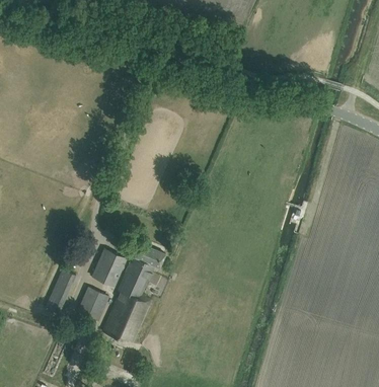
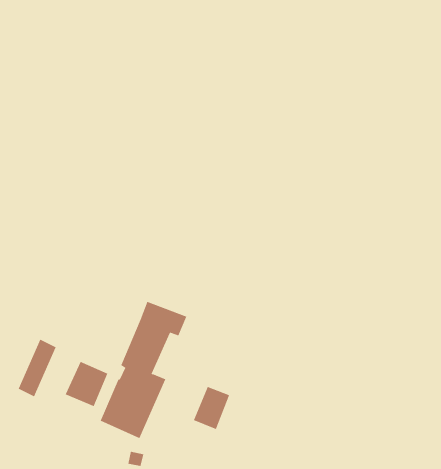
building: [91,248,126,286] -> none
building: none -> [193,386,230,430]

